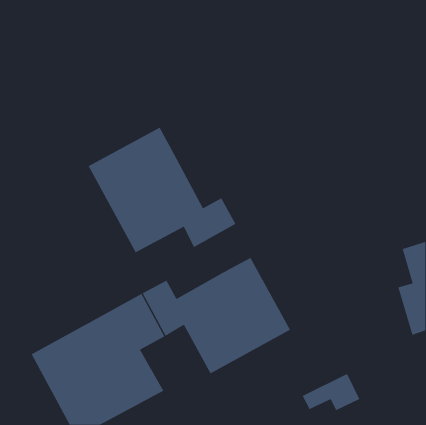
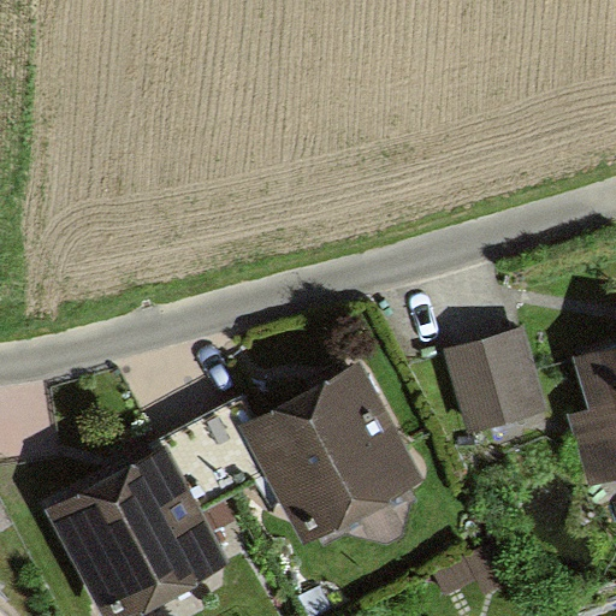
building: [88,127,236,253] -> none
building: none -> [454,334,543,422]

